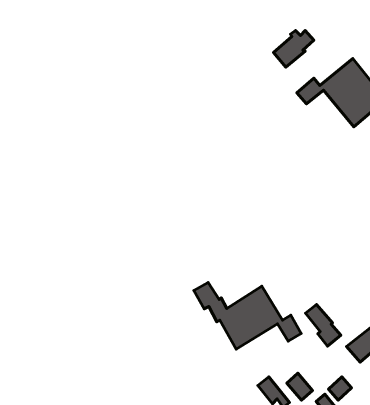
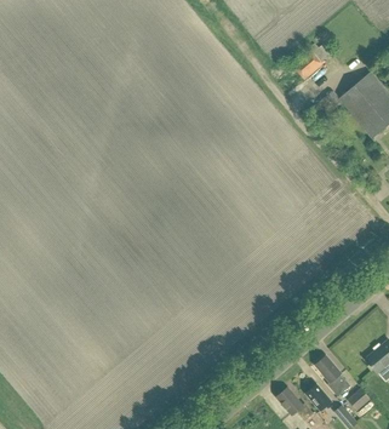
building: [194,282,301,349] -> none
building: [306,305,341,346] -> [315,356,350,397]

